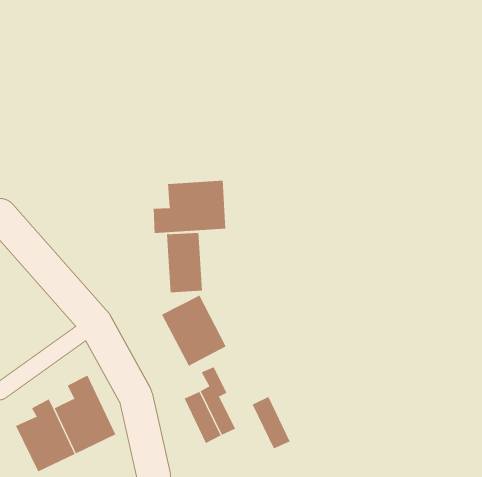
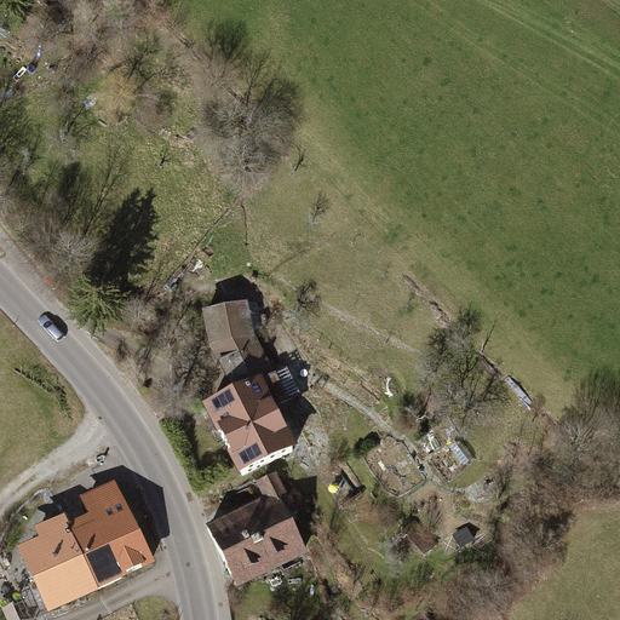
building: [153,180,226,234] -> none
building: [252,396,291,449] -> [214,511,264,579]

